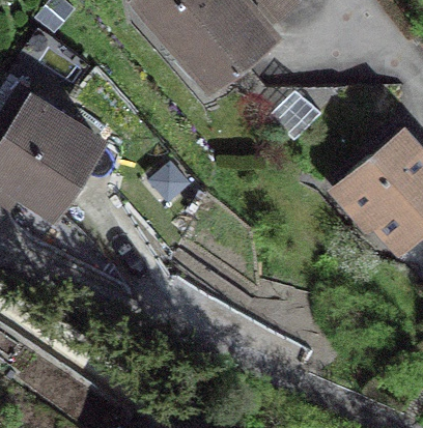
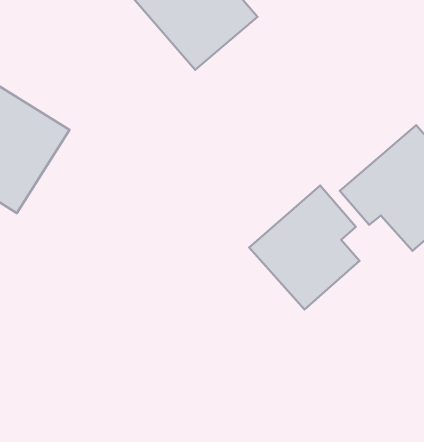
building: none -> [249,186,359,309]

